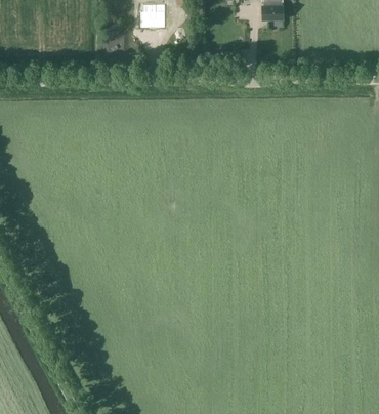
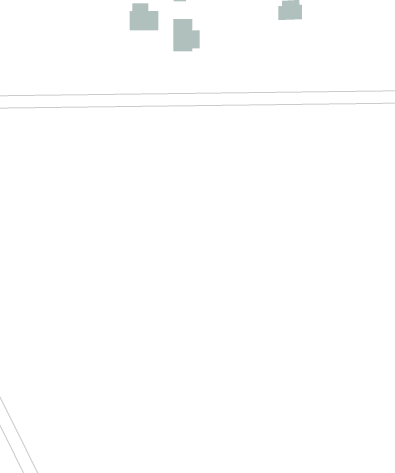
building: none -> [173,18,200,52]

